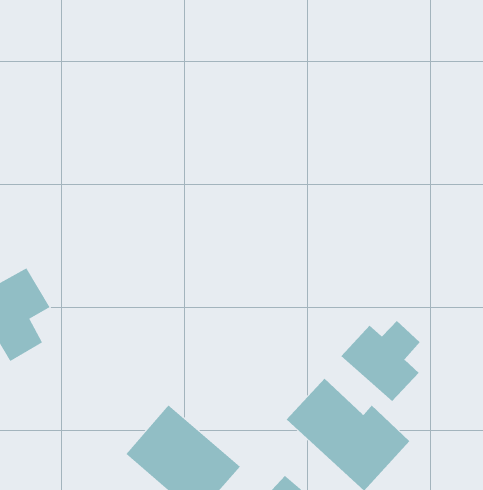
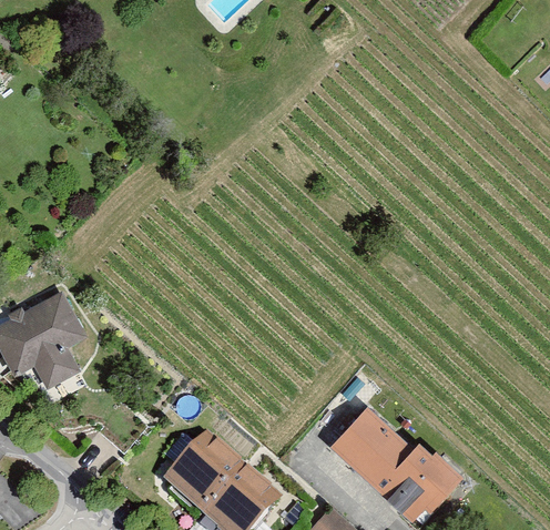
building: [341,320,420,402] -> none

